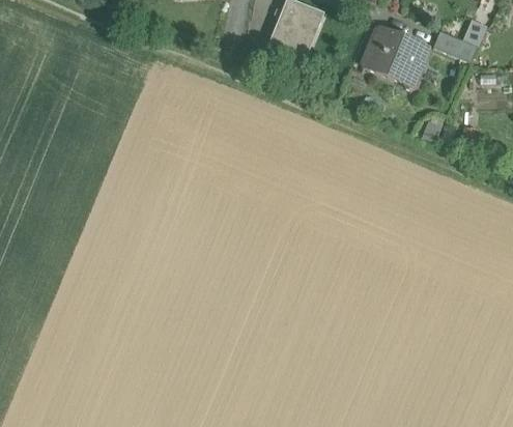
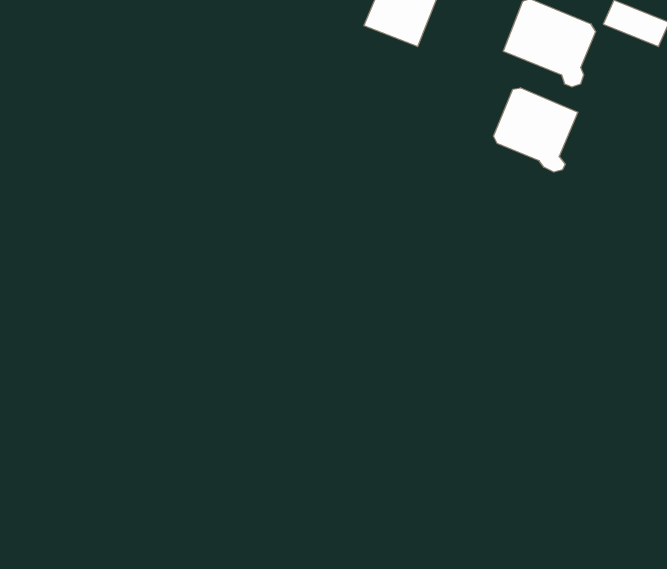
building: none -> [494,88,578,172]

